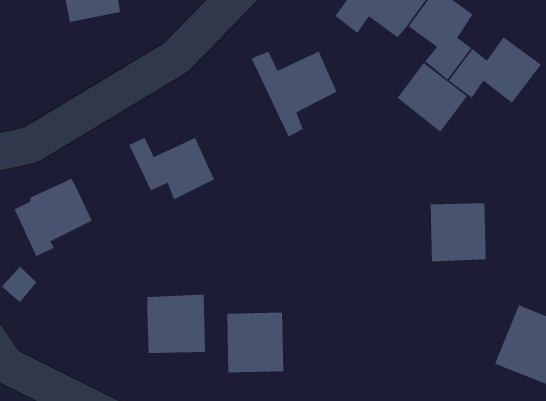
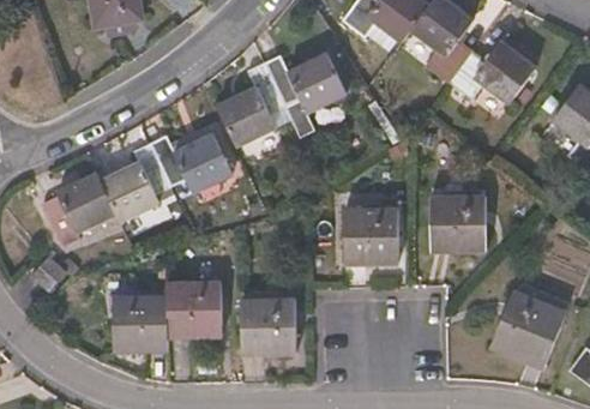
building: none -> [216,61,284,146]
building: [397,62,468,132] -> none
building: none -> [102,142,170,221]
building: none -> [343,209,399,263]
building: none -> [113,295,168,349]

